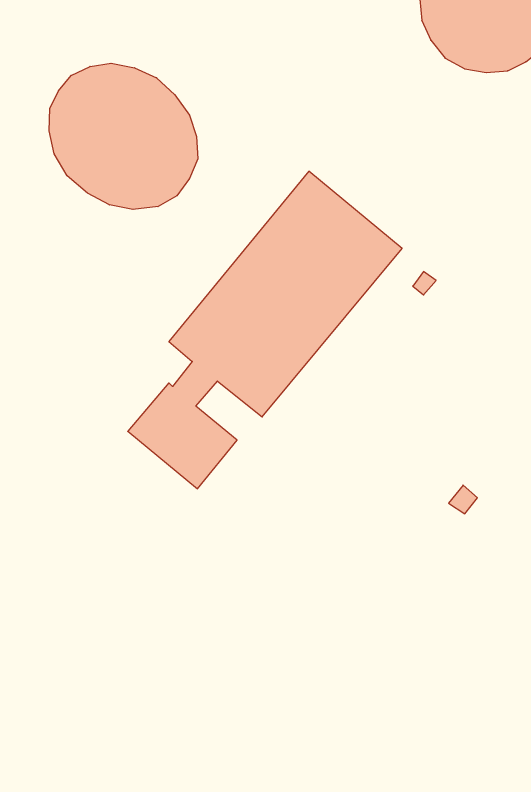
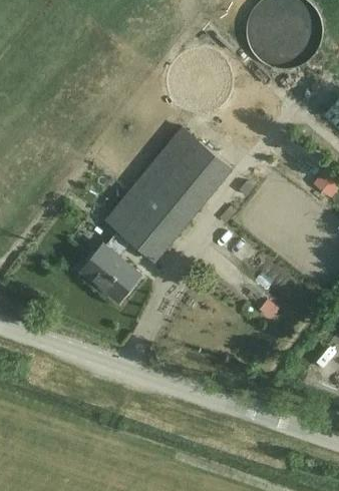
building: [49,63,198,209] -> none

